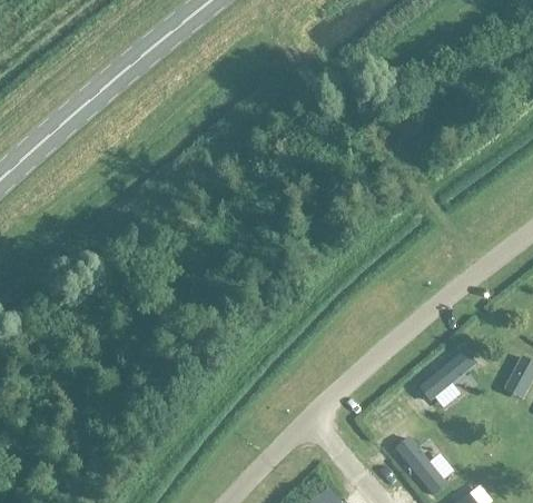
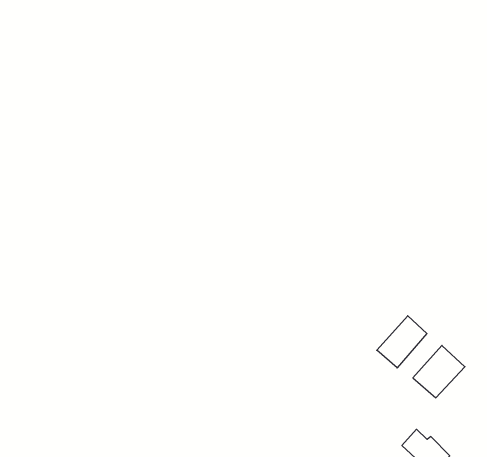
building: none -> [377,316,427,368]

